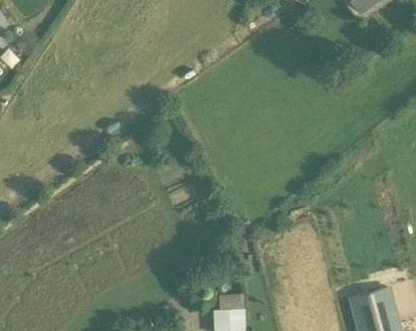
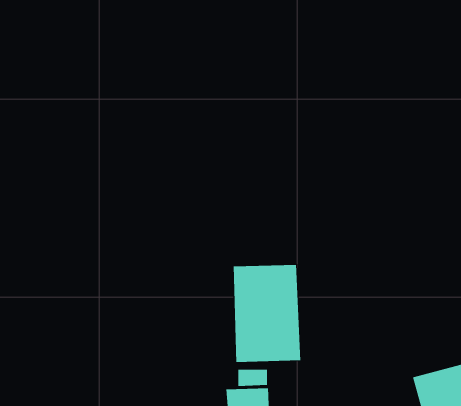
building: none -> [233,264,301,363]

